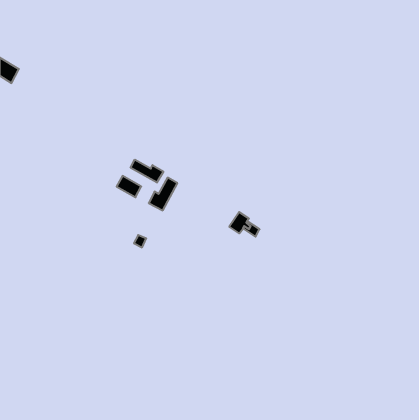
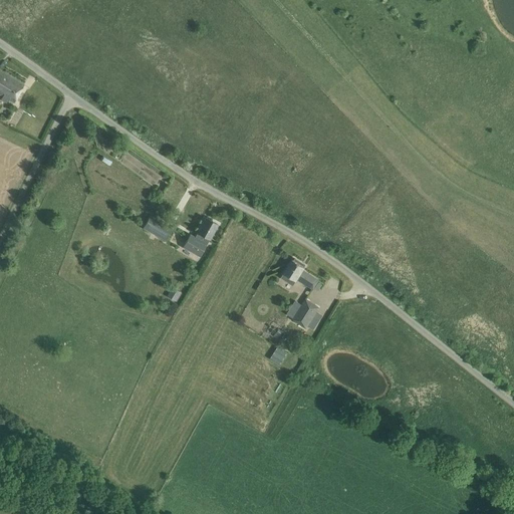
building: [131,160,163,183] -> none
building: none -> [292,299,318,327]

